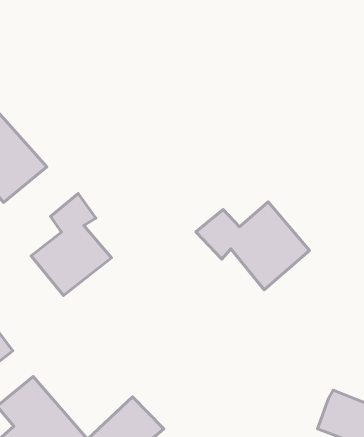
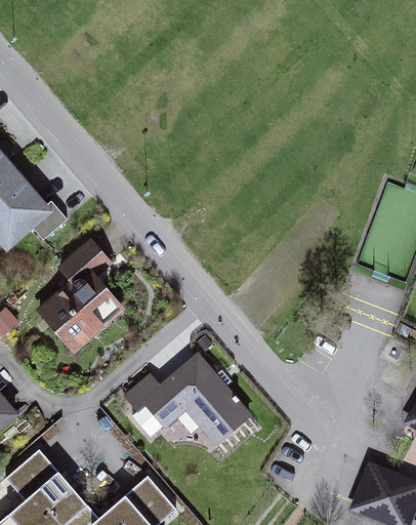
building: [196,202,309,290] -> none
building: none -> [129,354,254,448]

